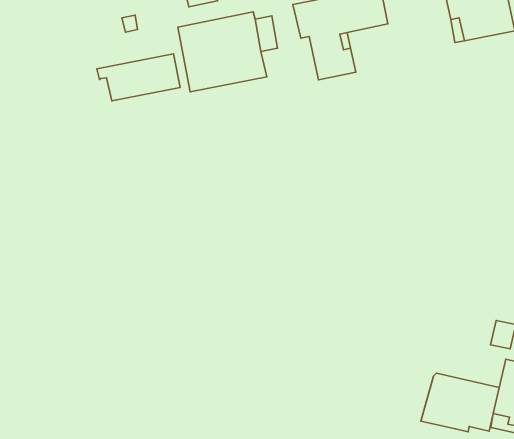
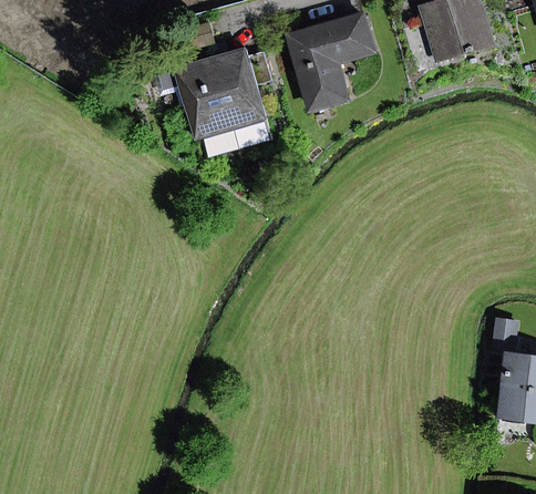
building: [97,54,180,101] -> [192,107,271,156]
building: [421,373,499,432] -> none

